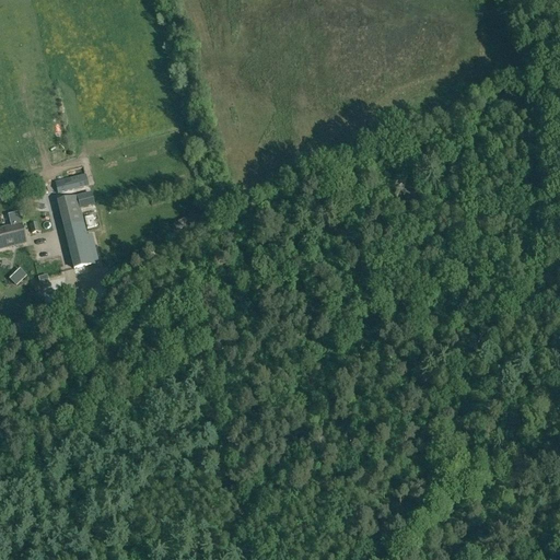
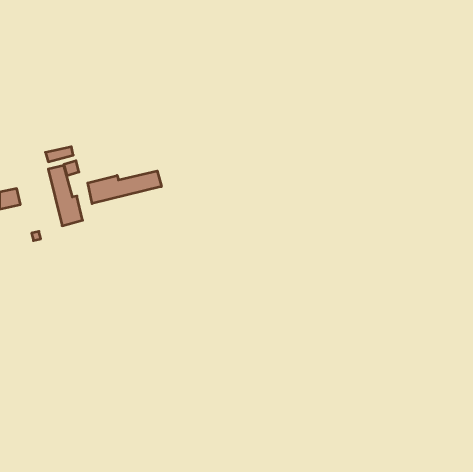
building: none -> [88,171,161,204]

